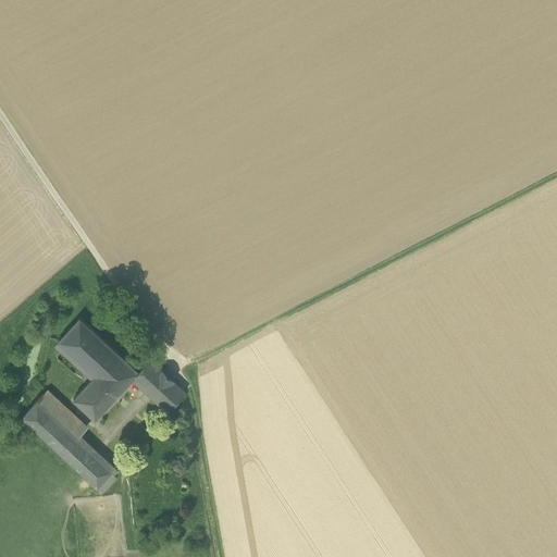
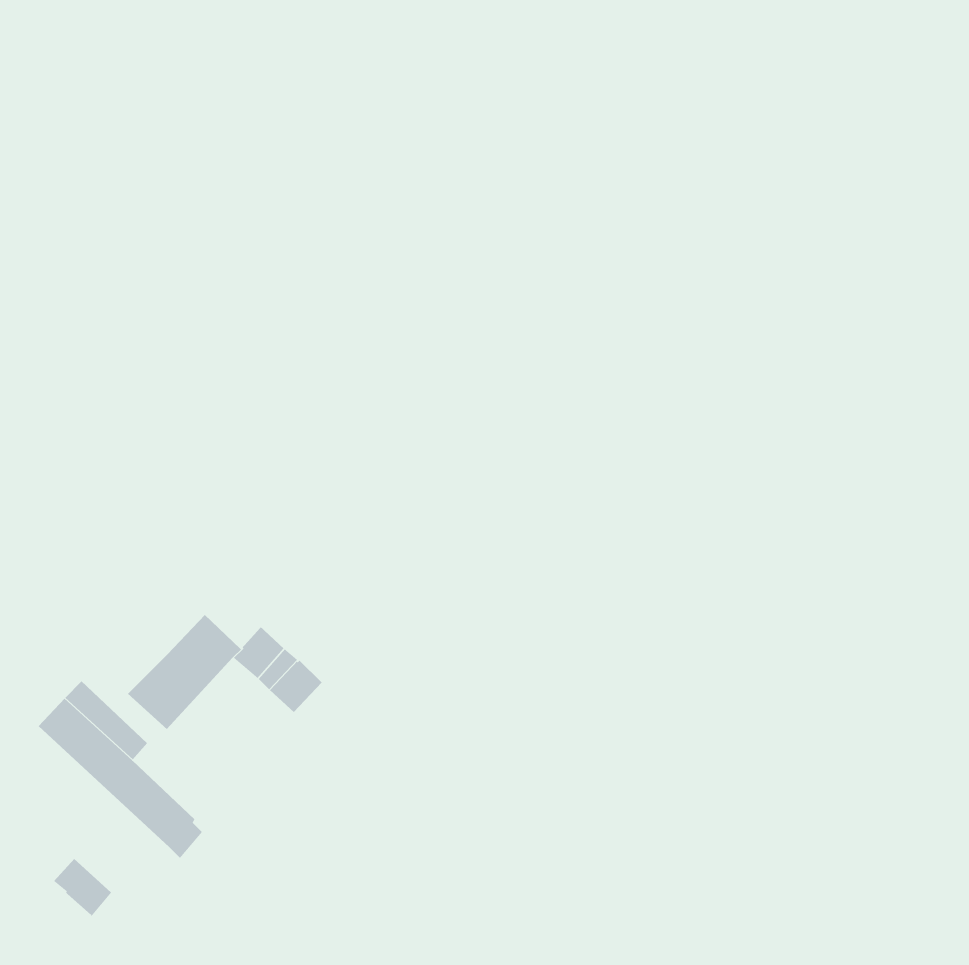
building: [59,320,117,377] -> none
building: none -> [53,858,112,917]

